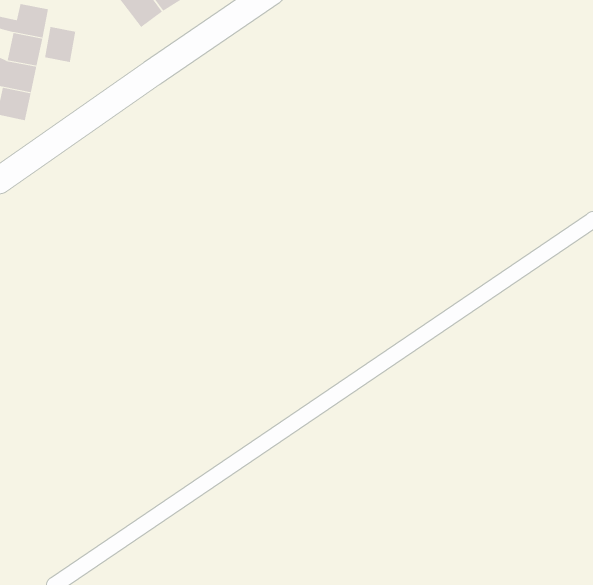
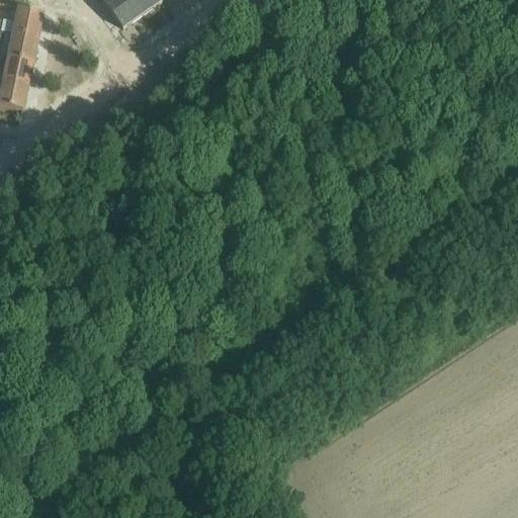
building: [44,26,76,63] -> none

